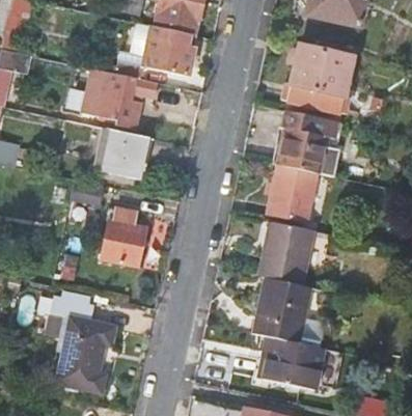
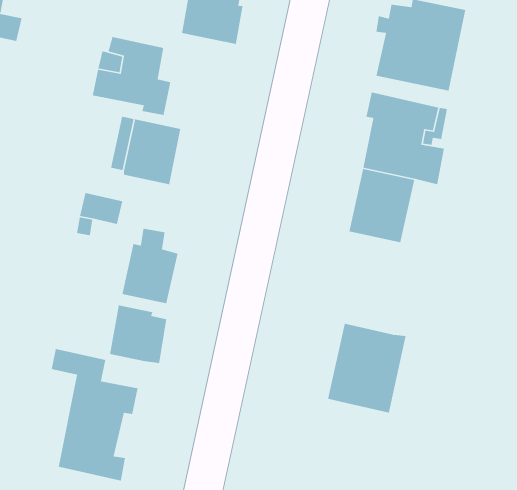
building: [259,222,314,286] -> none
building: none -> [109,305,167,364]
building: [263,337,325,390] -> none

